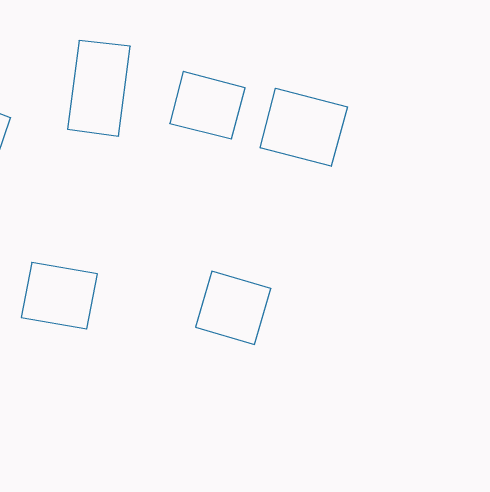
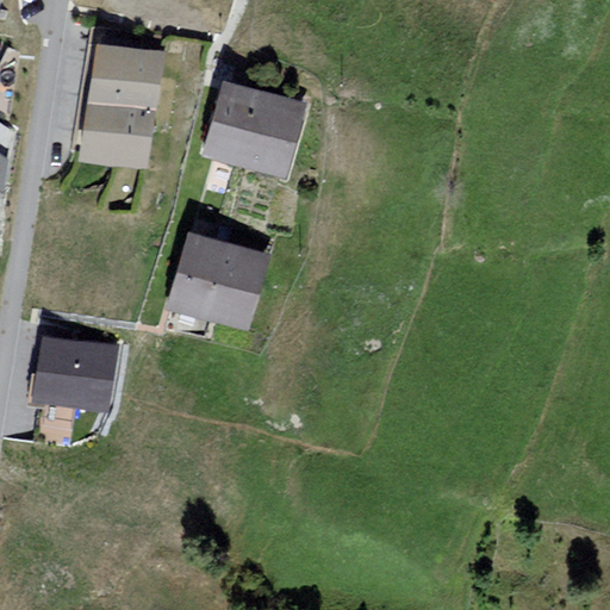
building: [260,88,347,166] -> none
building: [196,271,271,344] -> [170,238,263,329]

